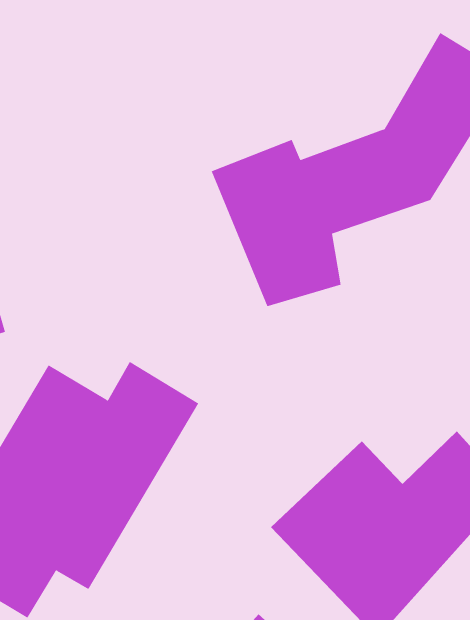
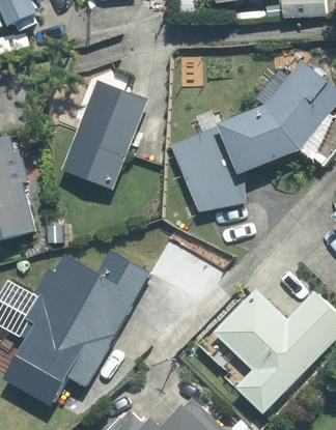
building: none -> [61,80,140,188]

